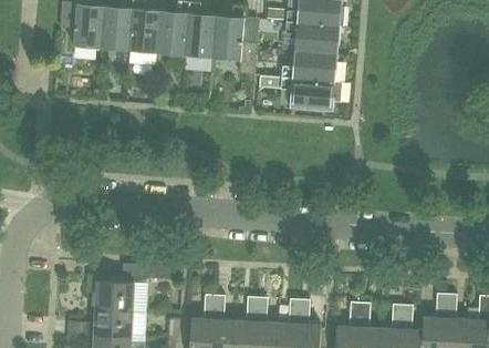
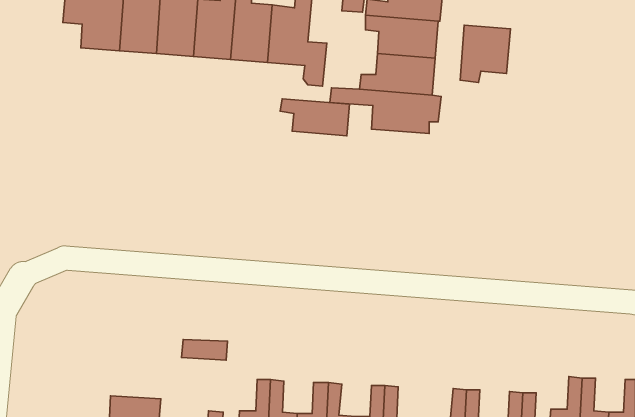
building: none -> [460,25,510,82]
building: none -> [280,99,350,136]
building: [87,275,134,309] -> none

